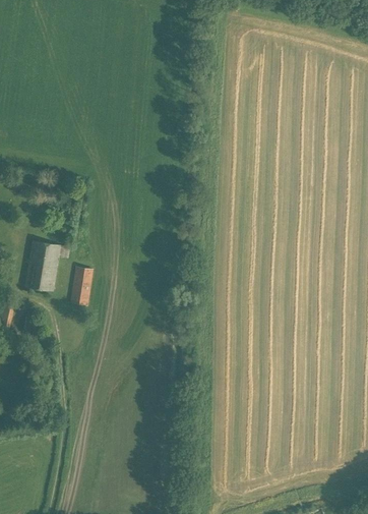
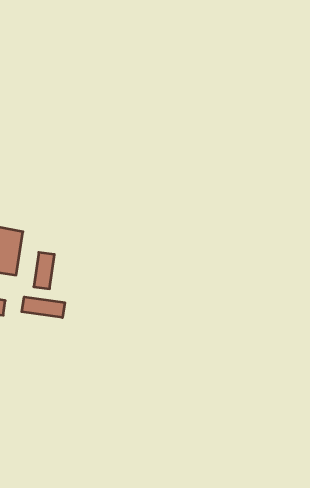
building: none -> [22,297,65,318]

